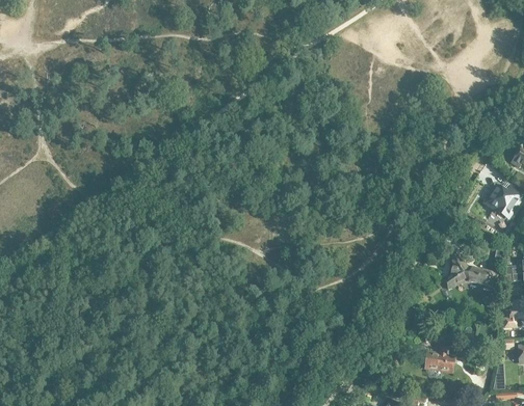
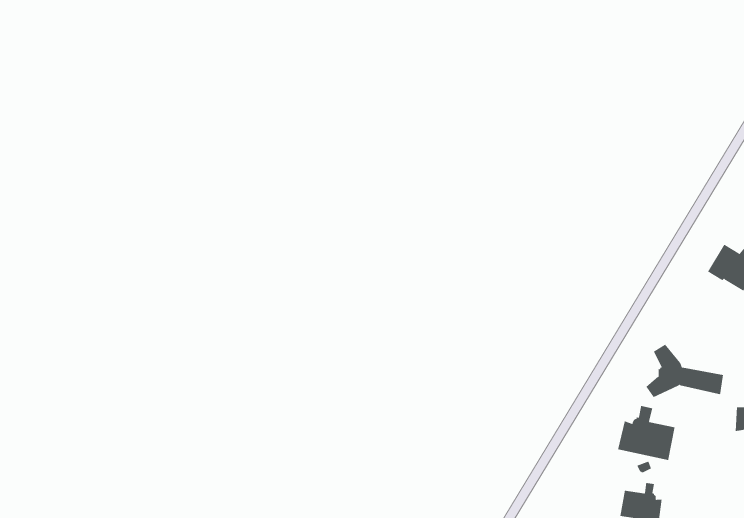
building: none -> [618,405,675,461]

